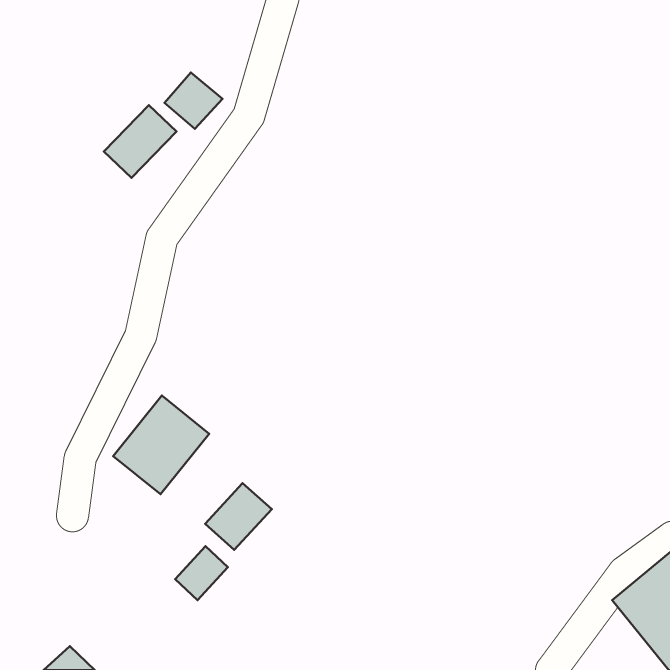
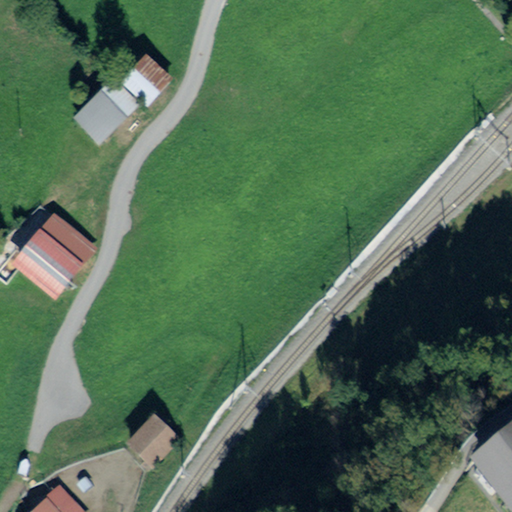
building: [113,396,209,494] -> [21,216,94,291]
building: [205,483,272,550] -> none

